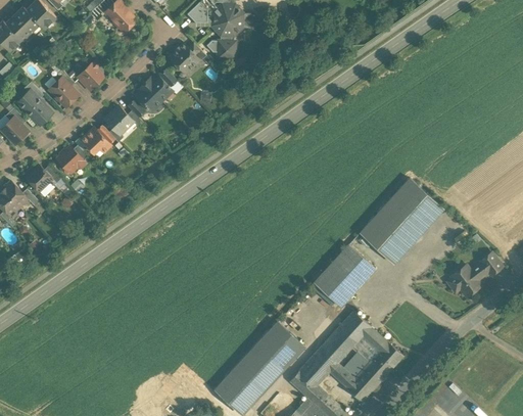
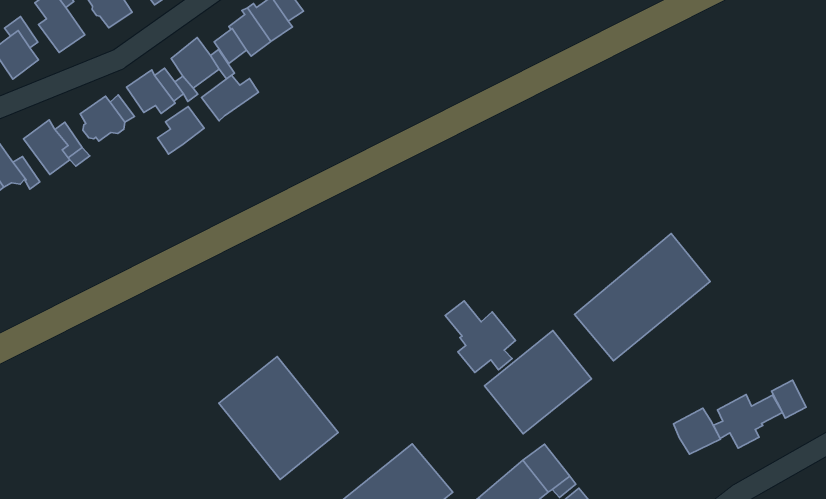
building: none -> [202,75,259,121]
building: none -> [157,106,204,154]
building: none -> [445,301,515,373]
building: none -> [674,408,721,454]
building: none -> [219,356,338,479]

